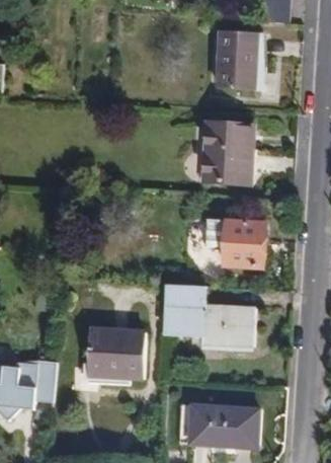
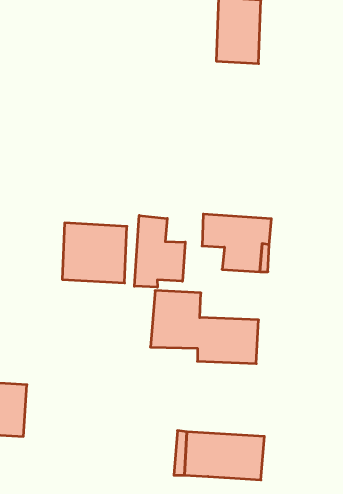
building: [202,123,252,183] -> none
building: none -> [134,215,185,287]
building: [89,328,145,380] -> [62,223,127,283]

